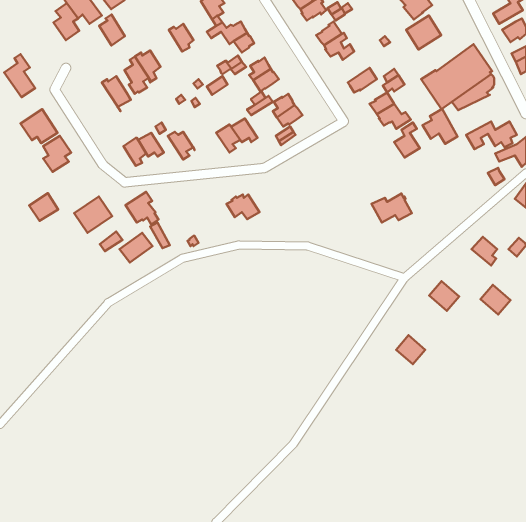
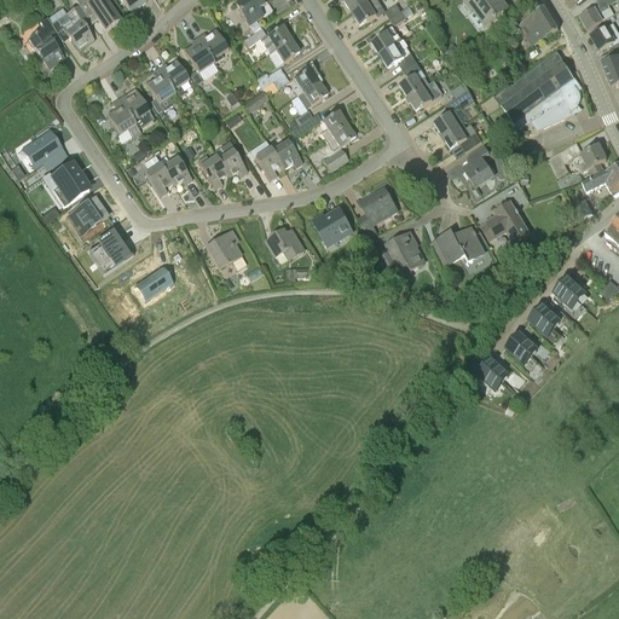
building: [99,14,125,45] -> [184,35,214,71]
building: [406,16,441,50] -> [517,5,559,45]
building: none -> [399,60,429,97]
building: [4,54,35,97] -> [28,17,64,68]
building: none -> [106,97,141,137]
building: [423,109,458,144] -> [487,201,528,242]
building: none -> [215,140,247,175]
building: none -> [359,187,398,238]
building: none -> [313,208,352,242]
building: [126,192,158,225] -> [207,230,245,268]
building: [29,193,58,221] -> [73,196,106,228]
building: none -> [377,231,424,274]
building: [481,285,510,315] -> [527,302,562,337]
building: [396,335,425,364] -> [476,357,510,391]

